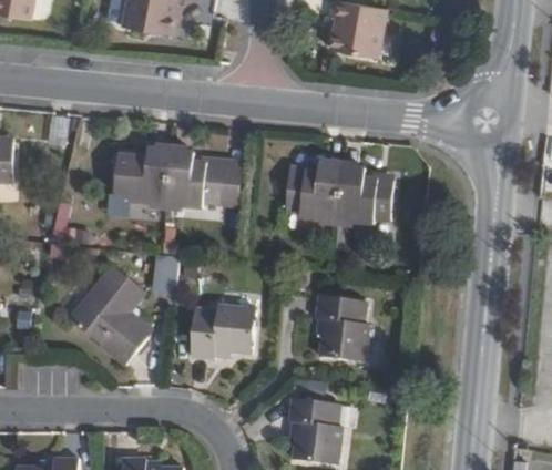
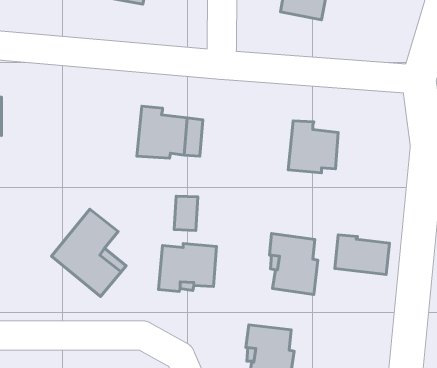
building: [114,147,172,206] -> none
building: [286,163,343,222] -> none
building: [155,256,182,295] -> [174,196,198,230]
building: none -> [335,235,390,274]

